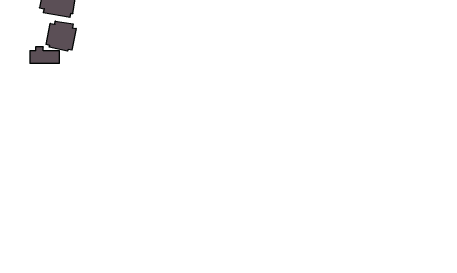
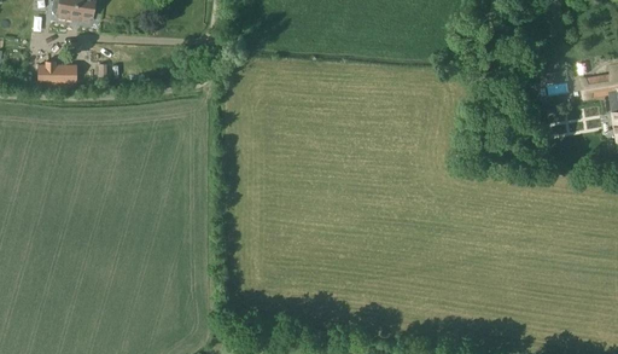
building: [46,21,76,51] -> none

